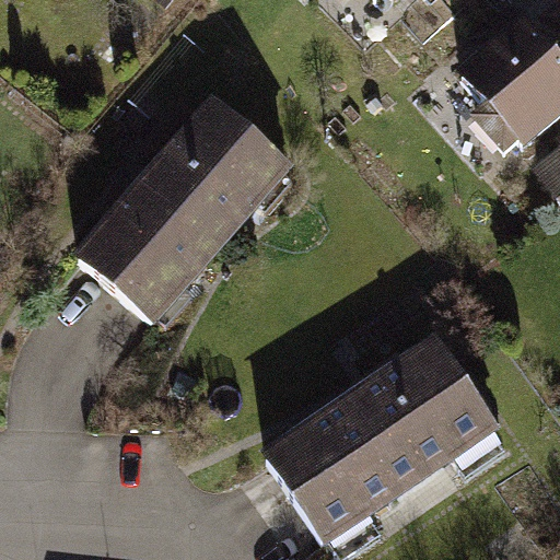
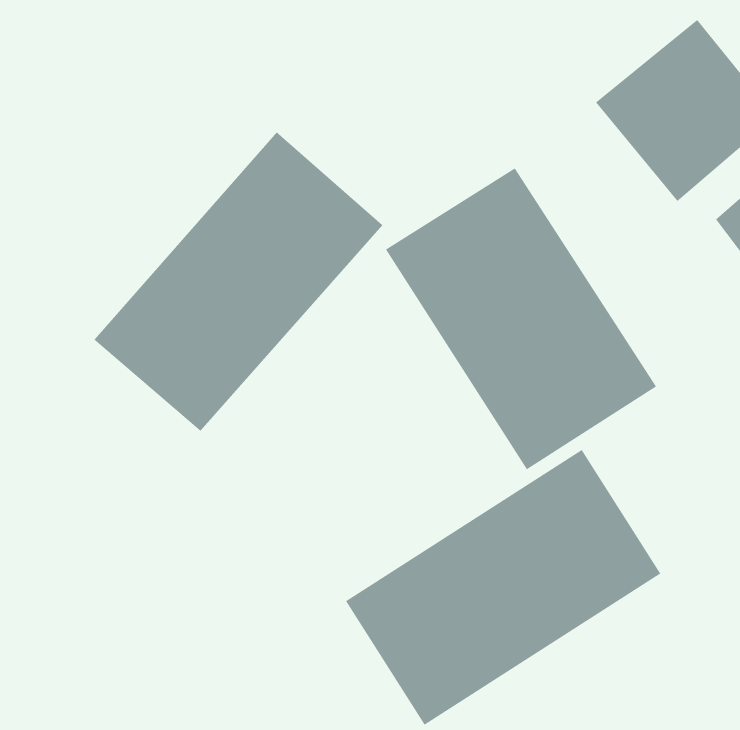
building: none -> [385,167,657,470]

